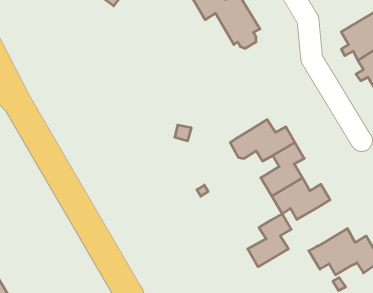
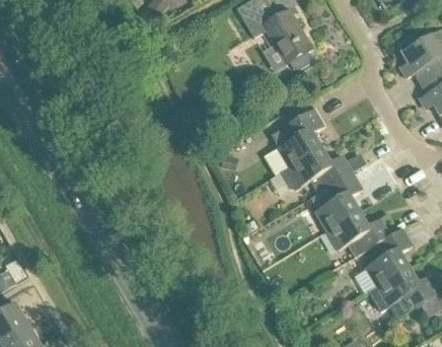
building: none -> [272,109,325,167]
building: [248,214,291,266] -> [366,228,414,286]

